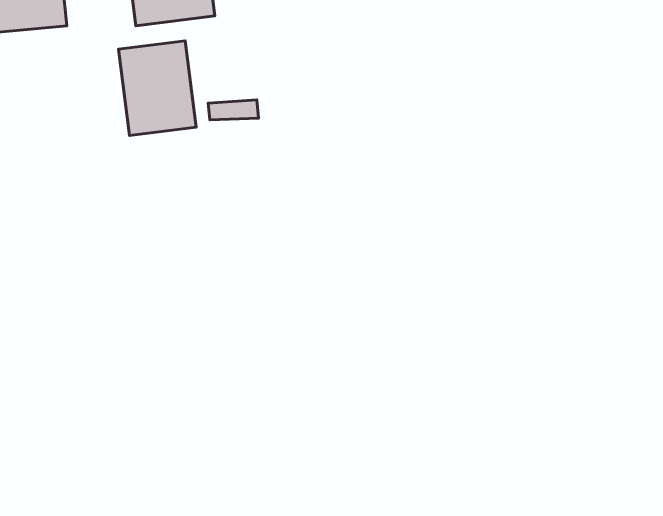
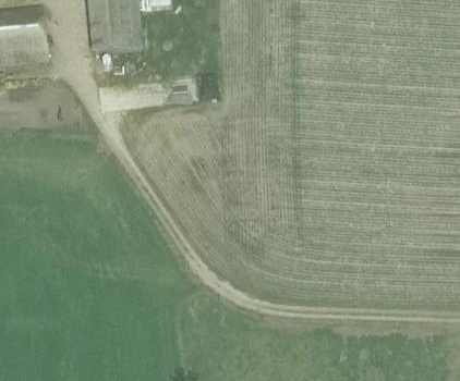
building: [118,41,196,136] -> none

